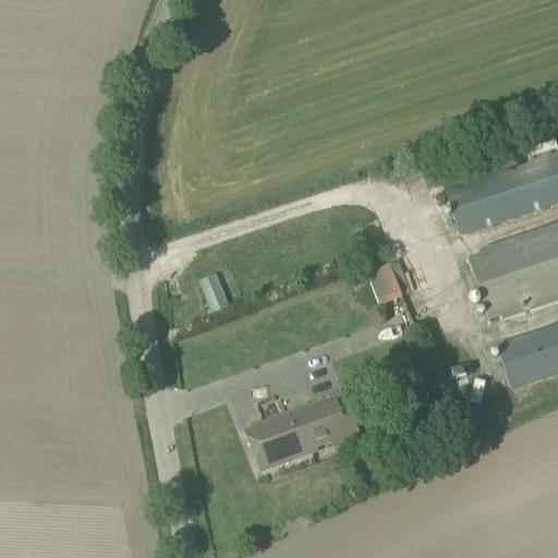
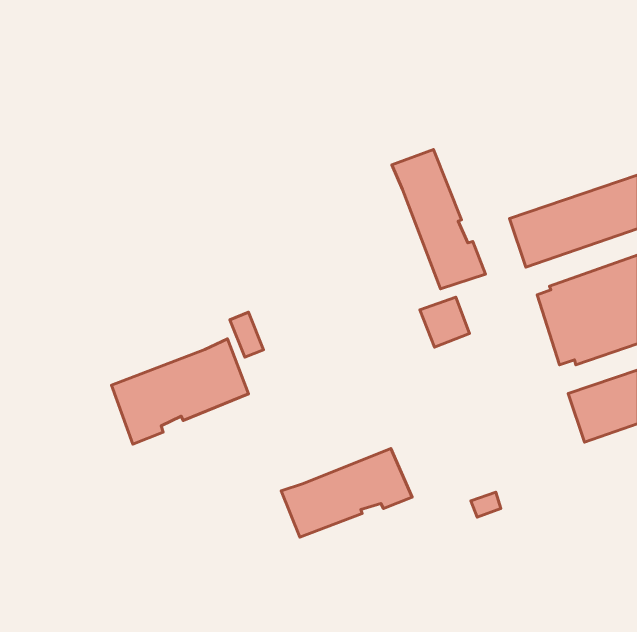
building: none -> [392,149,485,289]
building: none -> [112,339,249,444]

